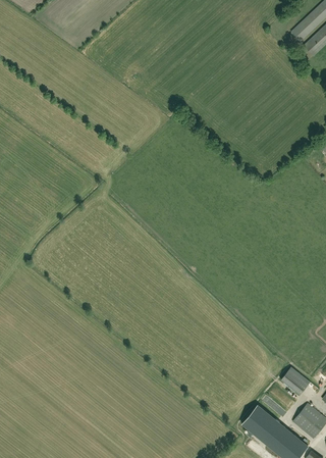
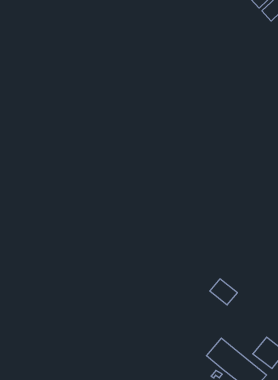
building: [280,367,311,396] -> [210,279,237,305]

